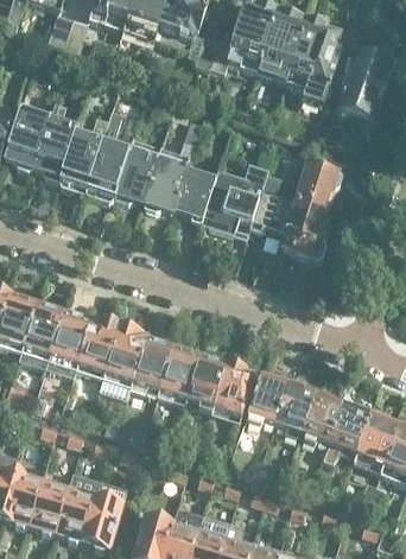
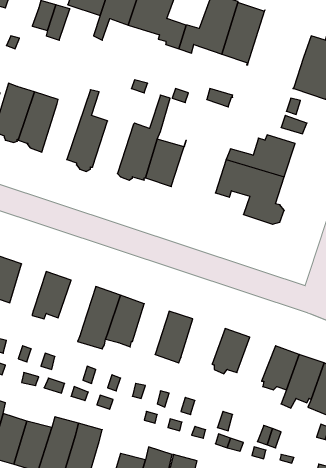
building: [287,24,349,109] -> none
building: [61,102,114,189] -> none
building: [116,141,161,204] -> none
building: [202,161,271,233] -> none
building: [23,304,65,360] -> none
building: [77,319,120,373] -> none
building: [158,348,201,404] -> none
building: [214,364,255,421] -> none
building: [275,385,318,437] -> none

